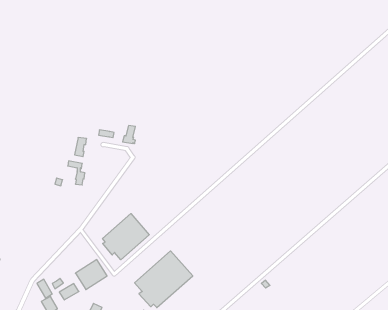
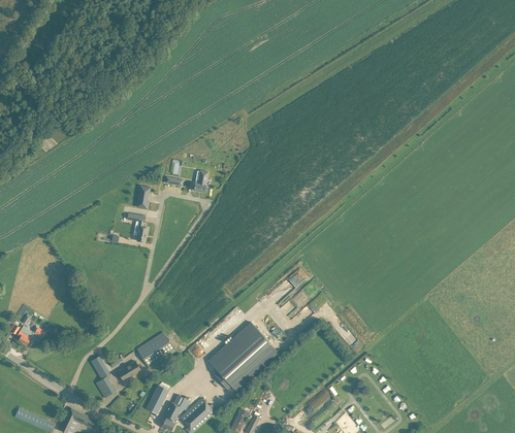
building: [103,214,149,260] -> none

